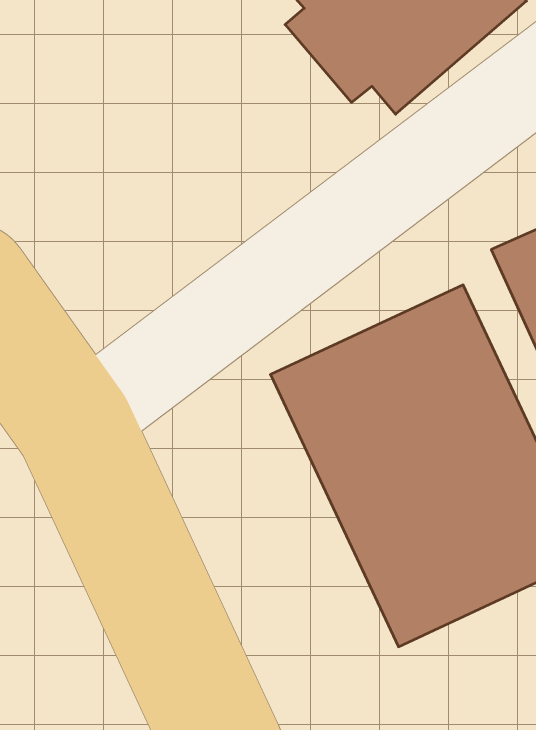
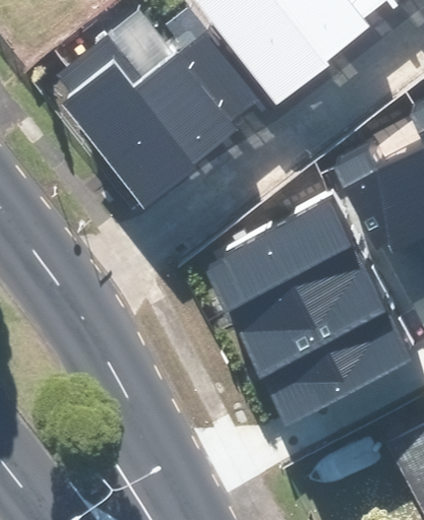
building: none -> [69,32,250,183]

